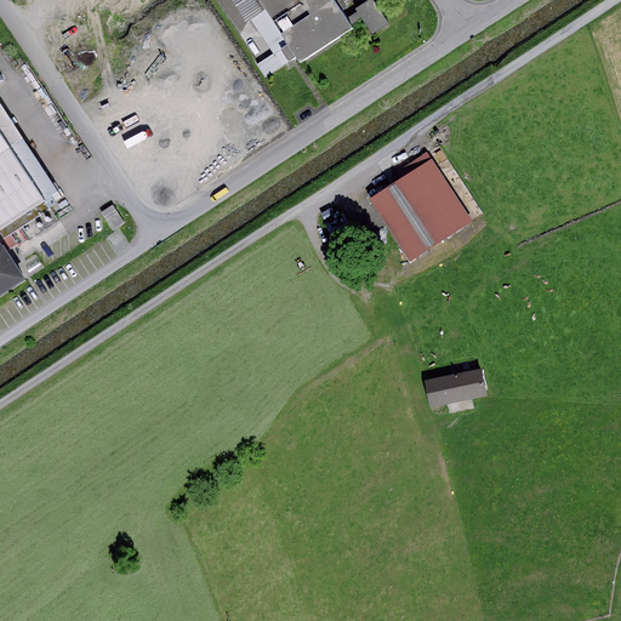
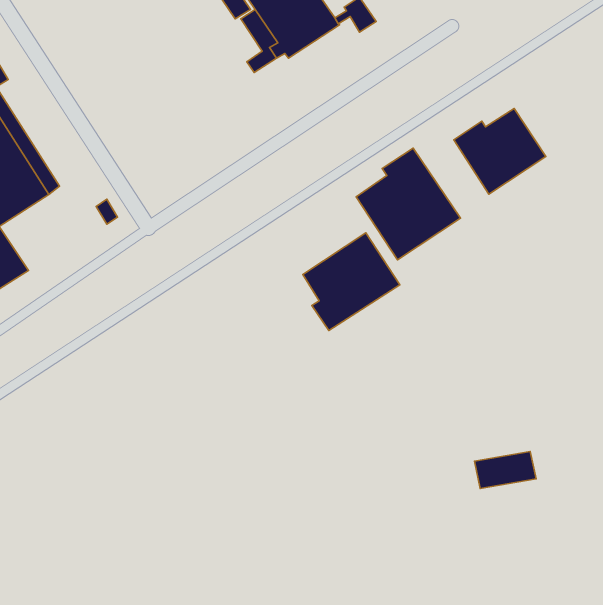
building: none -> [454,108,546,194]
building: none -> [303,233,400,331]
building: [420,369,483,406] -> [474,452,536,488]

